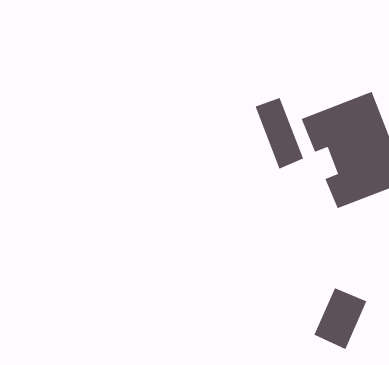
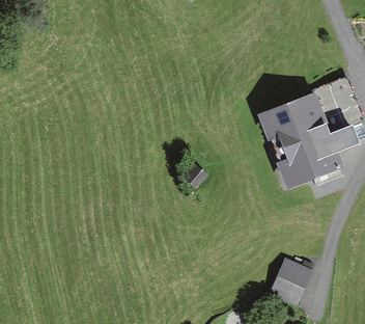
building: [255,97,304,169] -> none

